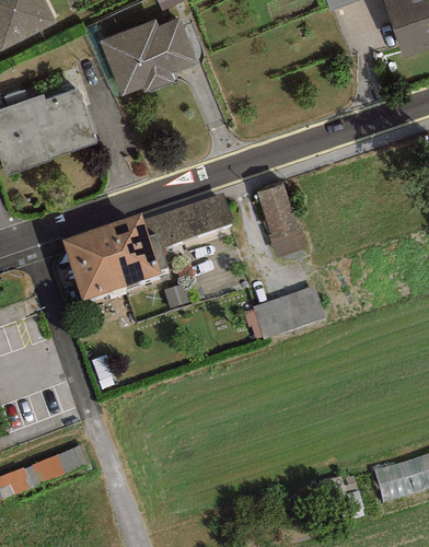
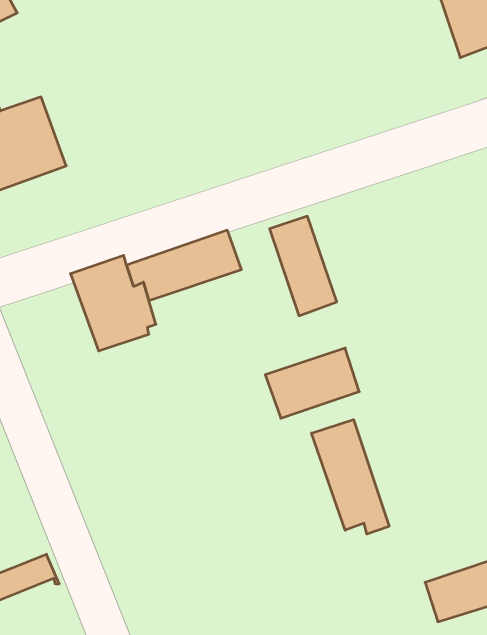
building: [100,18,197,96] -> none
building: [62,226,121,300] -> none
building: none -> [312,420,389,534]

